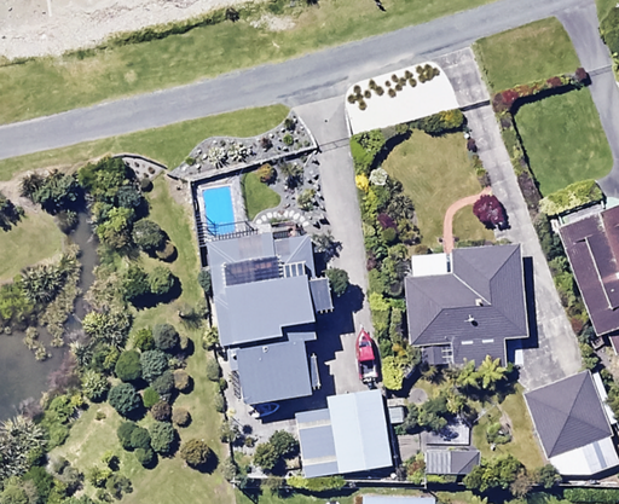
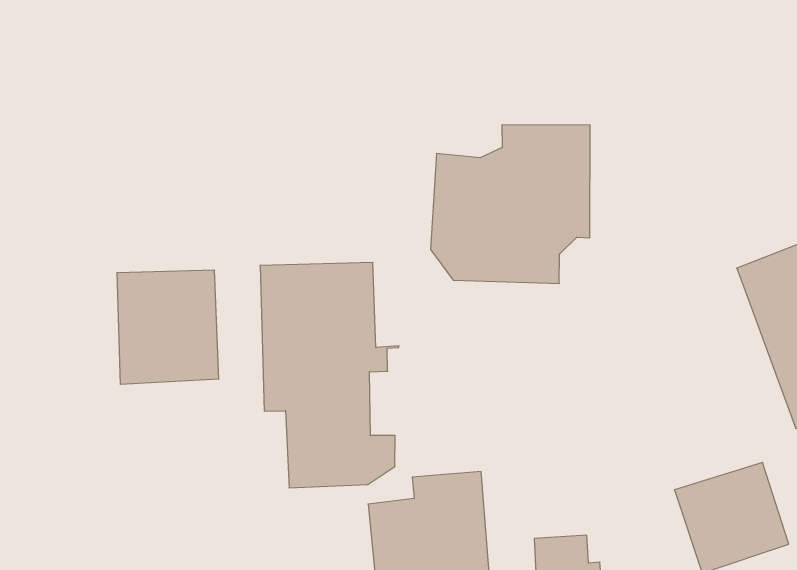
building: [410,248,527,369] -> [431,125,590,283]
building: none -> [117,270,218,384]

